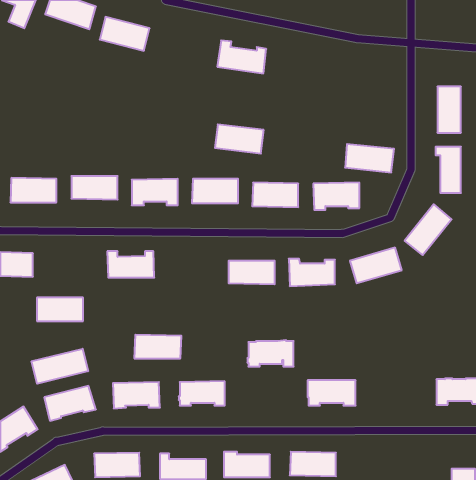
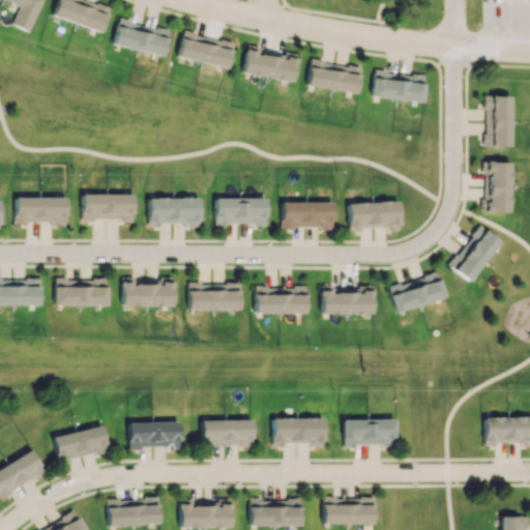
building: none -> [180,32,235,68]
building: [215,124,264,154] -> [308,61,362,93]
building: [345,144,394,172] -> [374,71,428,102]
building: [37,298,83,321] -> [57,279,108,305]
building: [134,335,181,358] -> [189,284,241,310]
building: [247,340,294,367] -> [273,417,324,446]
building: [32,349,88,384] -> none

